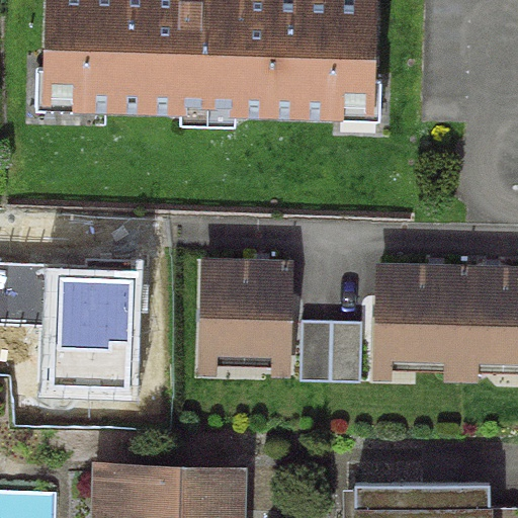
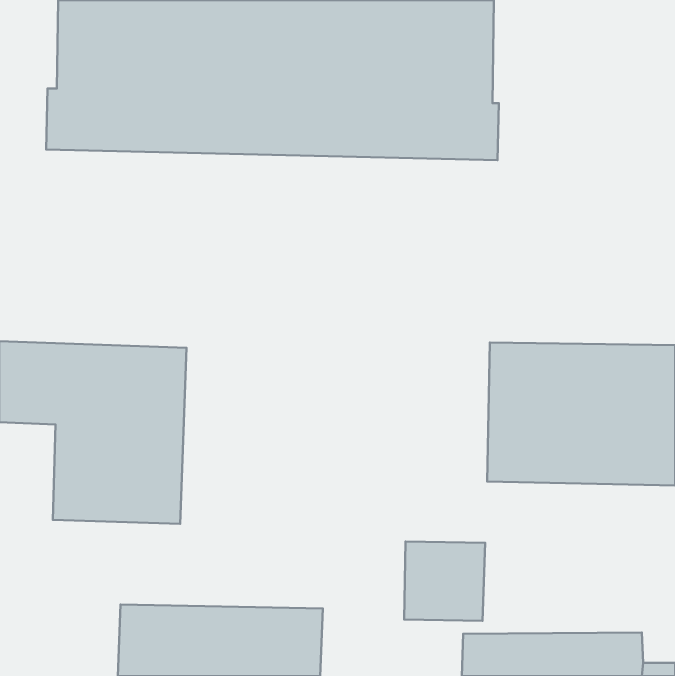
building: [195,256,293,365] -> none
building: [299,321,361,381] -> [404,542,485,621]

